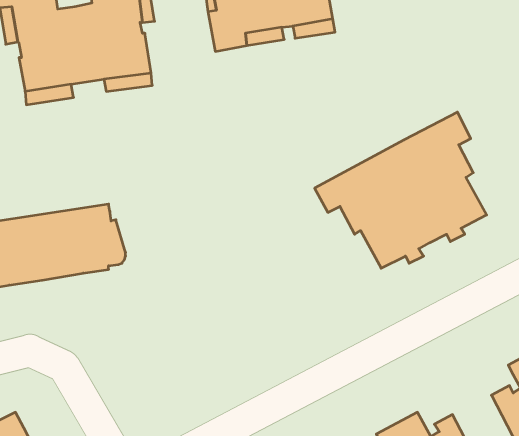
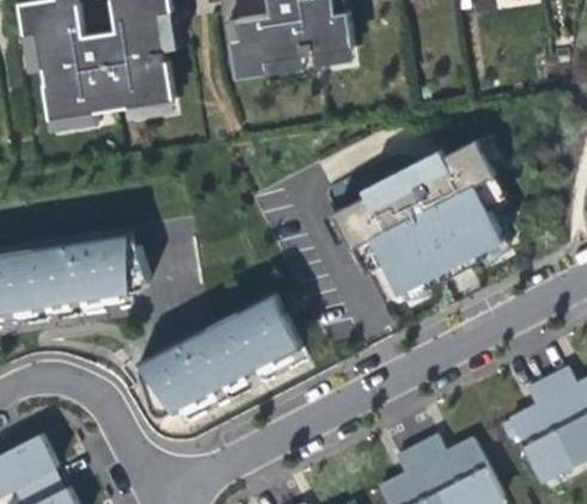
building: none -> [137,293,301,416]

